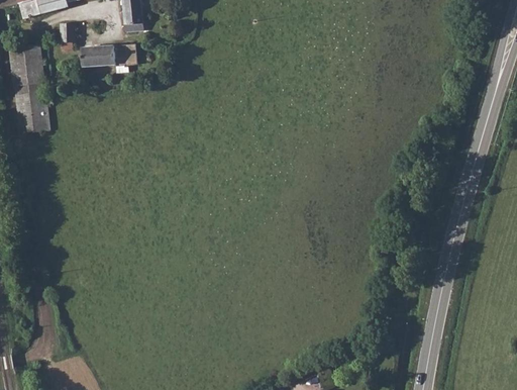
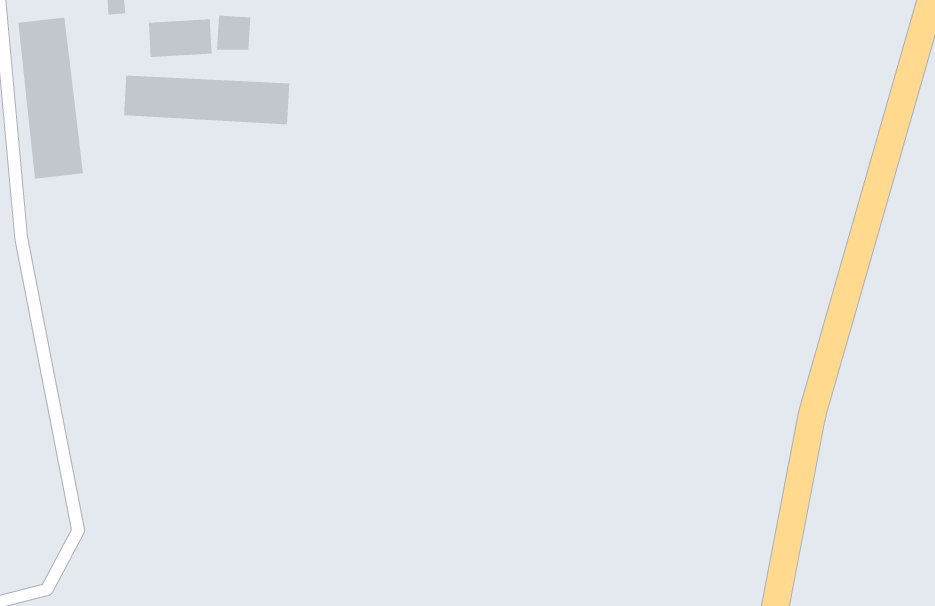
building: none -> [124,75,290,125]

